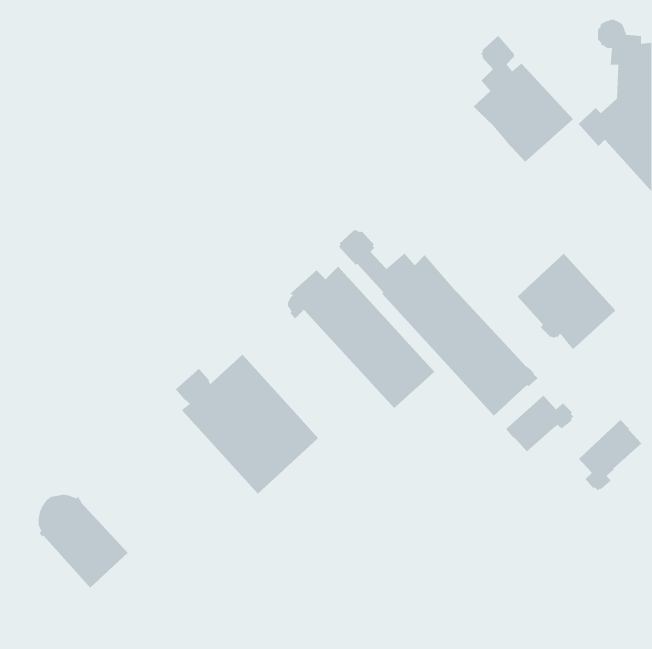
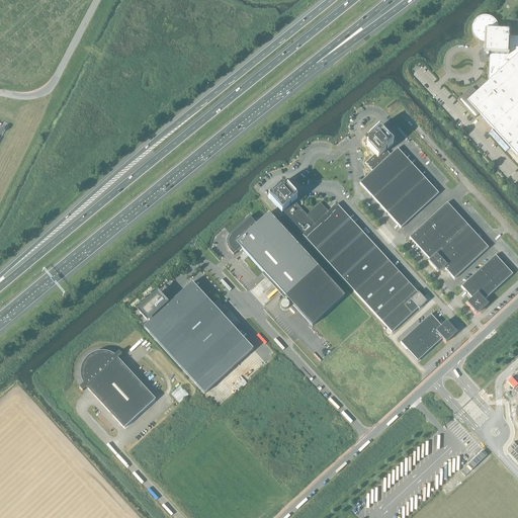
building: [473,35,574,163] -> [359,124,439,226]
building: [578,419,642,491] -> [461,253,512,310]
building: [38,494,128,589] -> [83,351,155,426]

